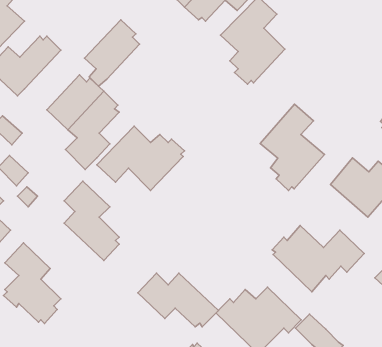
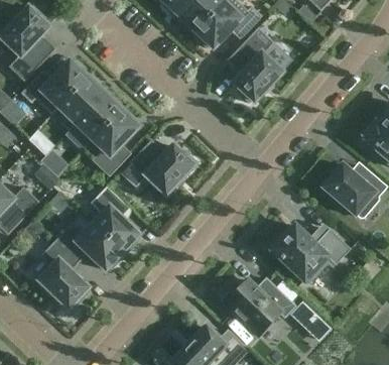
building: [85,20,139,86] -> [56,73,104,130]
building: [260,104,324,191] -> none
building: [138,273,219,327] -> [55,222,125,268]

